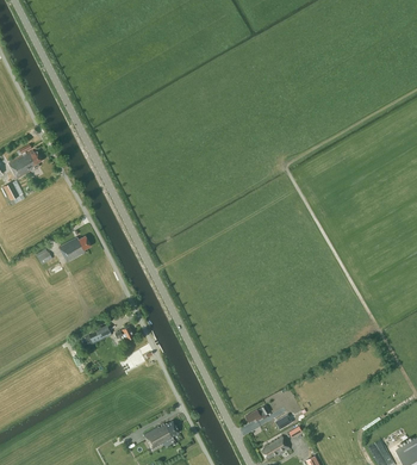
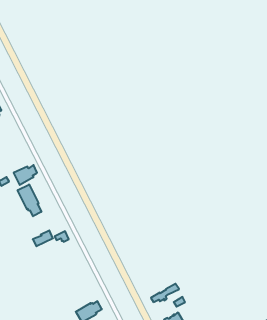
building: none -> [18,184,41,216]

